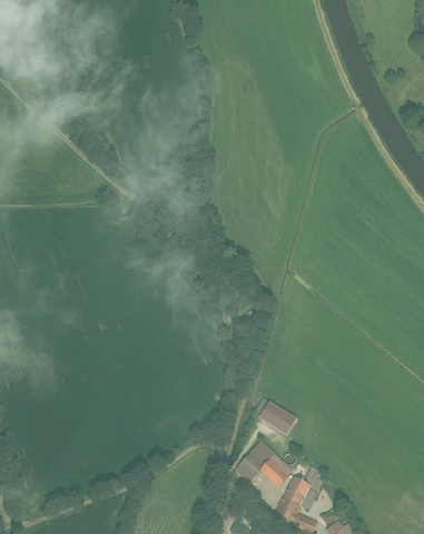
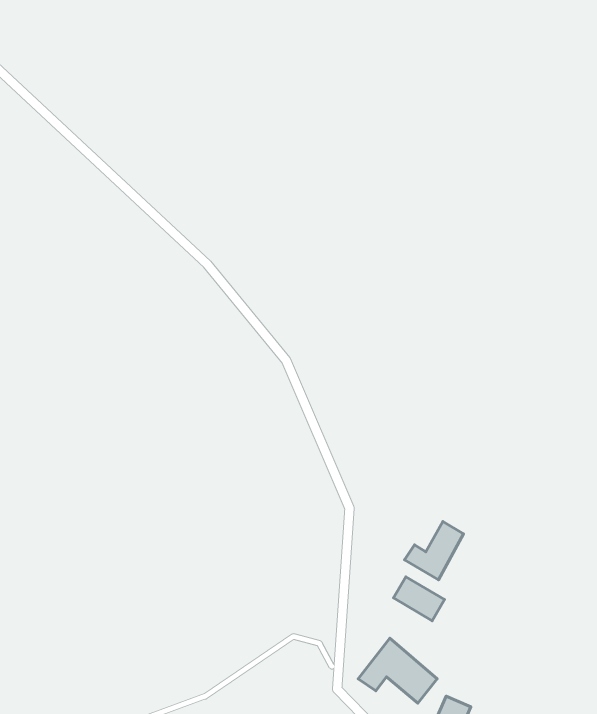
building: none -> [404,522,463,580]

